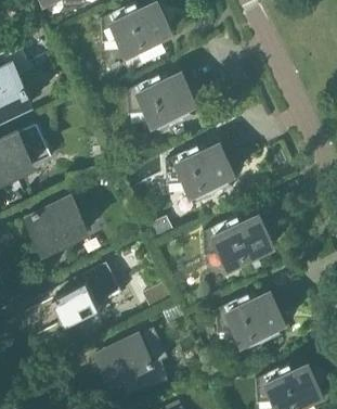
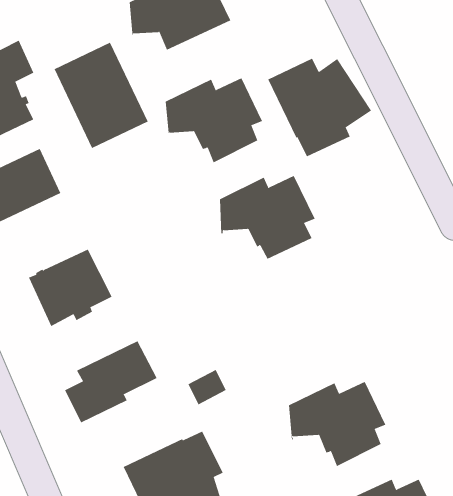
building: none -> [54,42,148,149]
building: none -> [267,58,372,157]
building: [202,216,274,269] -> none

